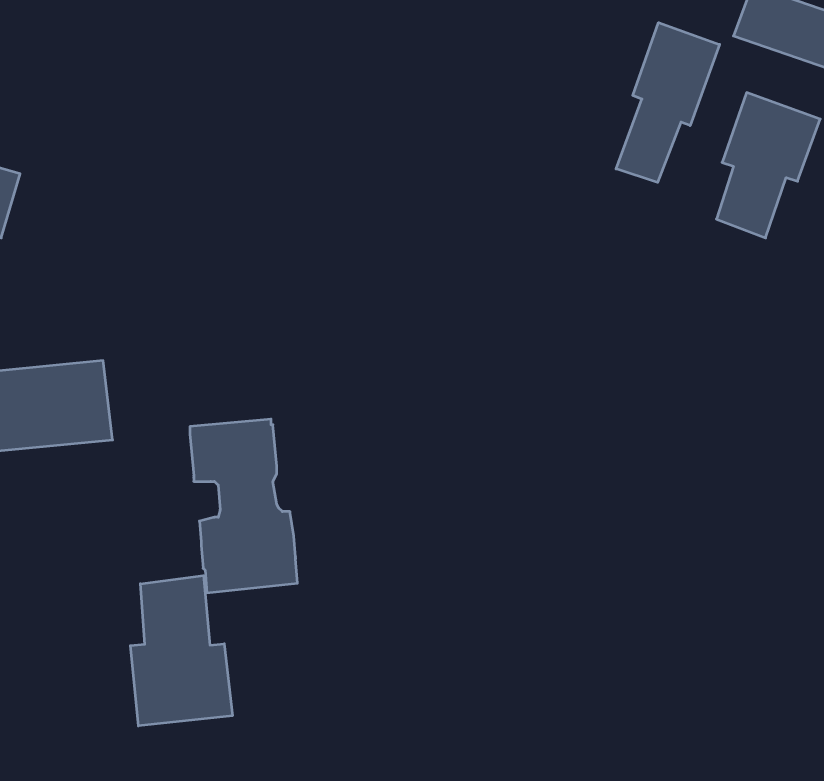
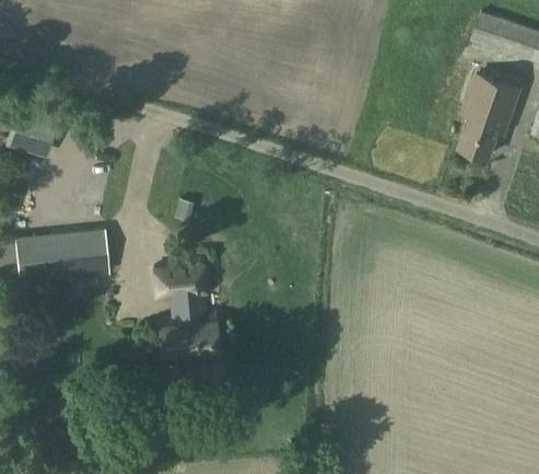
building: [616,23,720,182] -> none
building: [130,576,232,726] -> none

